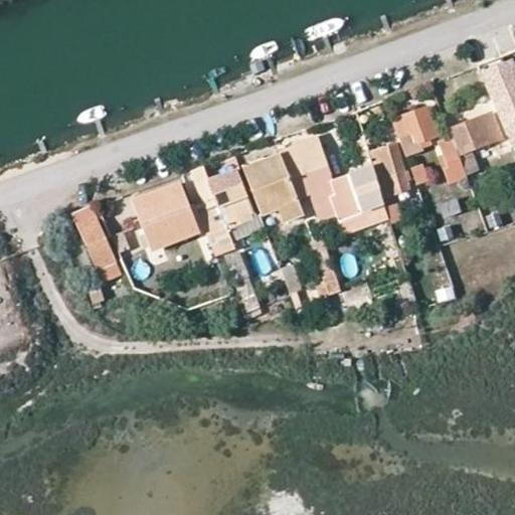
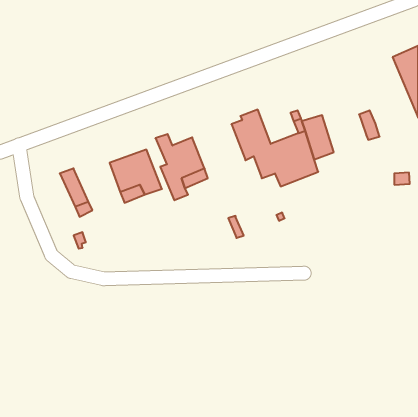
building: [393,107,437,144] -> none
building: [451,115,499,152] -> none
building: [245,153,306,223] -> none

